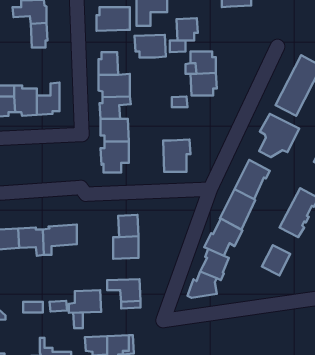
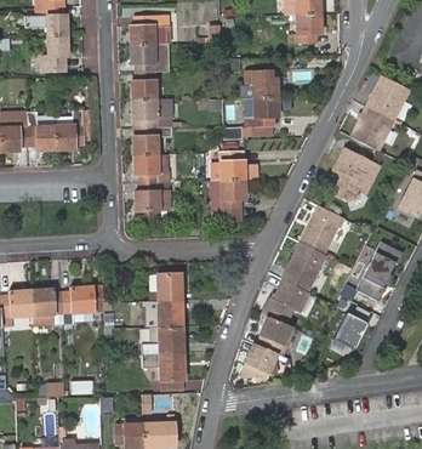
building: [176,18,198,41] -> [296,13,323,41]
building: [135,35,166,57] -> [130,44,169,72]
building: none -> [221,152,257,181]
building: [69,290,101,313] -> [143,326,183,354]

